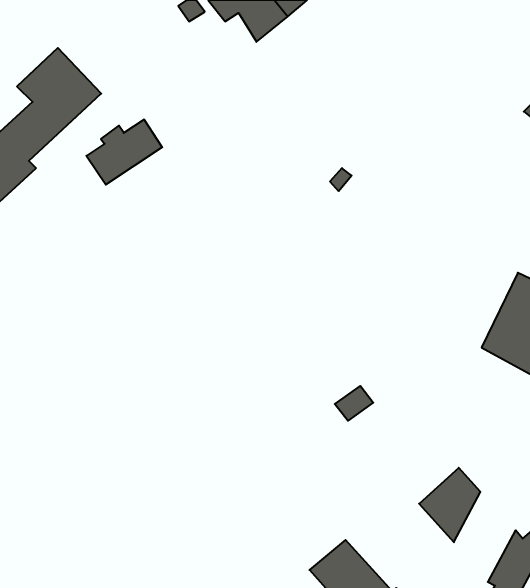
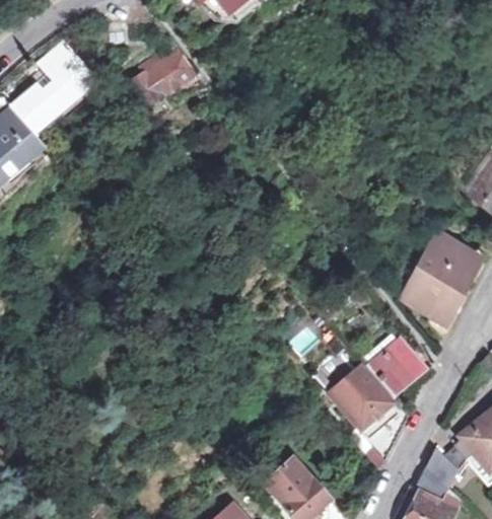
building: [86,120,162,185] -> [129,61,193,116]
building: none -> [367,333,427,388]
building: none -> [330,364,390,425]

